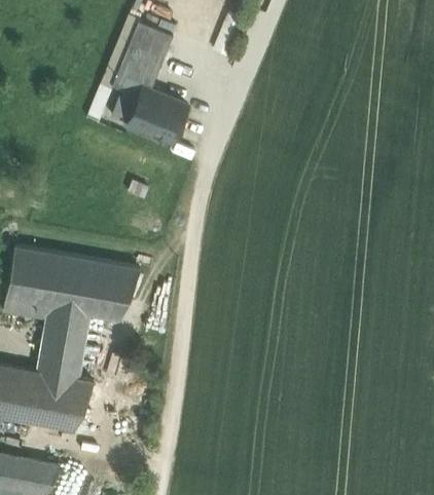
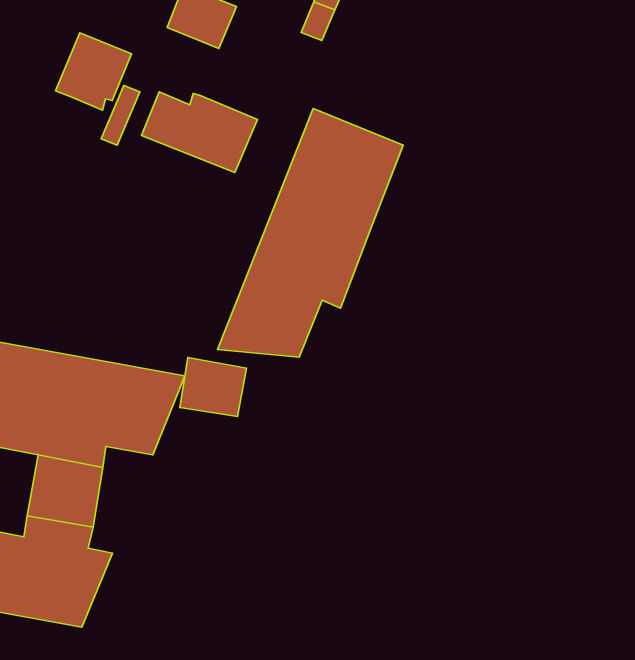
building: [113,48,161,98] -> [56,33,131,110]
building: none -> [218,109,403,357]
building: none -> [180,358,247,416]

